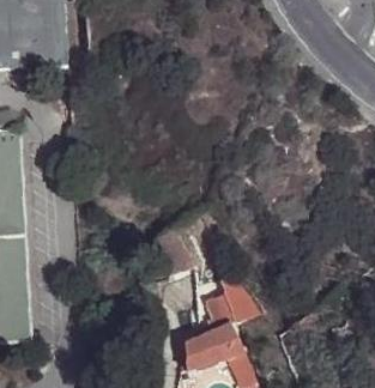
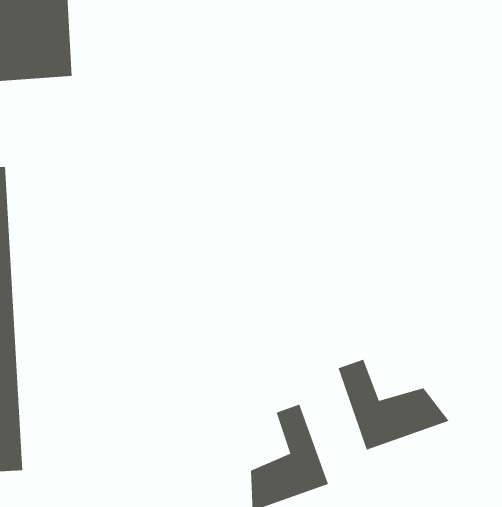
building: none -> [338,359,449,451]

